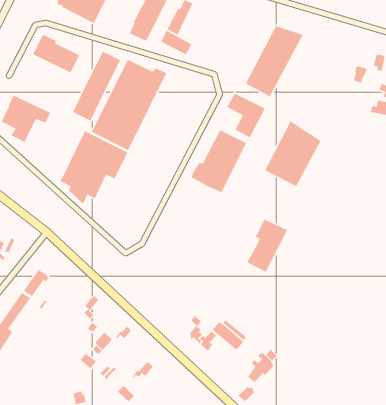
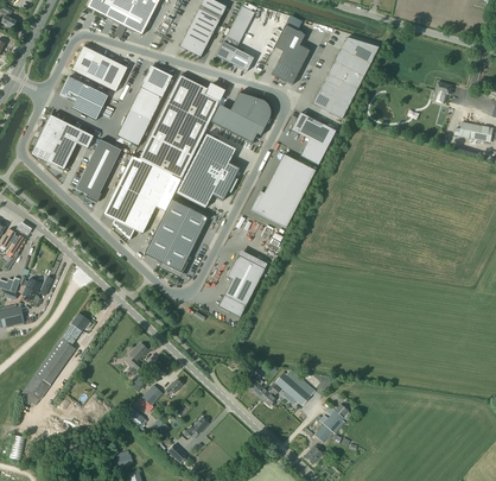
building: none -> [271,25,309,84]
building: none -> [59,76,107,120]
building: none -> [210,93,269,144]
building: none -> [174,133,239,208]
building: none -> [75,140,121,203]
building: [264,120,321,187] -> none
building: none -> [144,200,208,276]
building: [246,218,288,273] -> [217,255,265,317]

